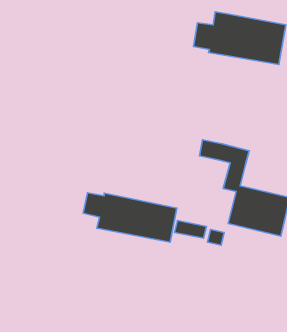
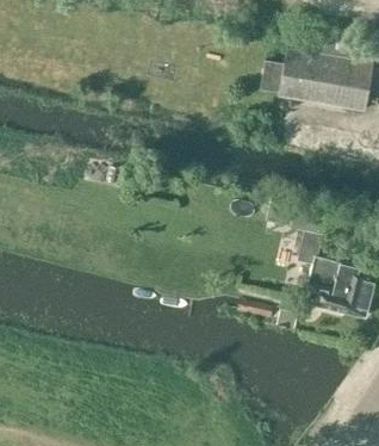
building: [83,193,177,242] -> none

